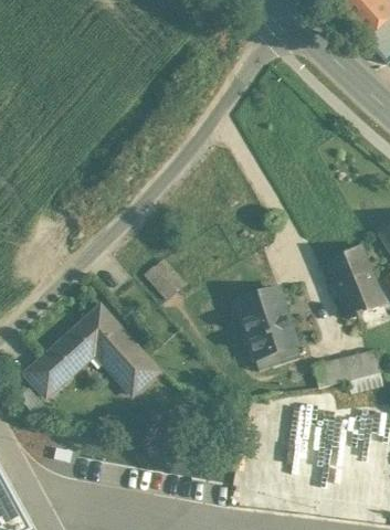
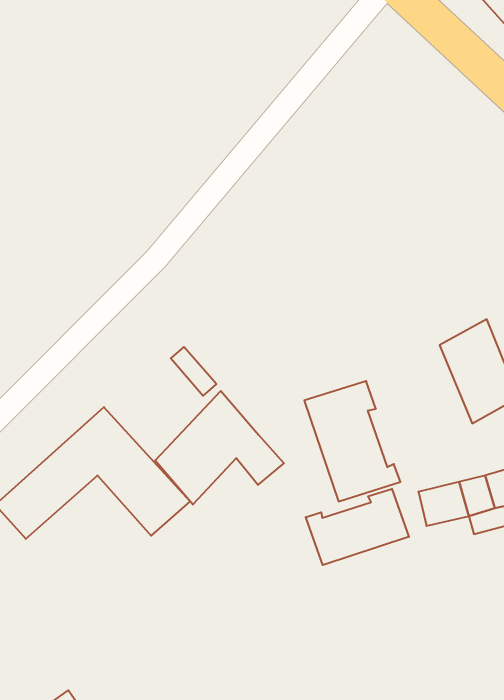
building: none -> [155,391,284,505]
building: none -> [306,489,409,565]

